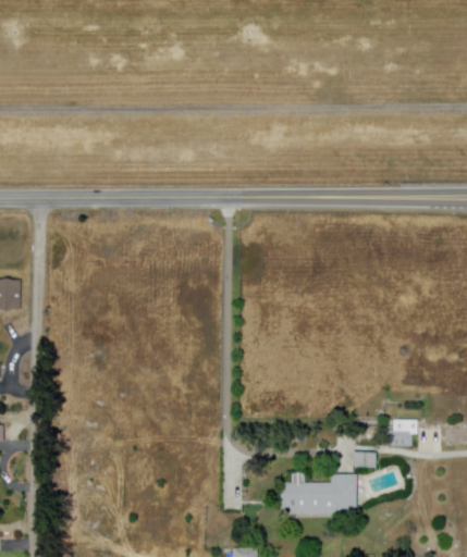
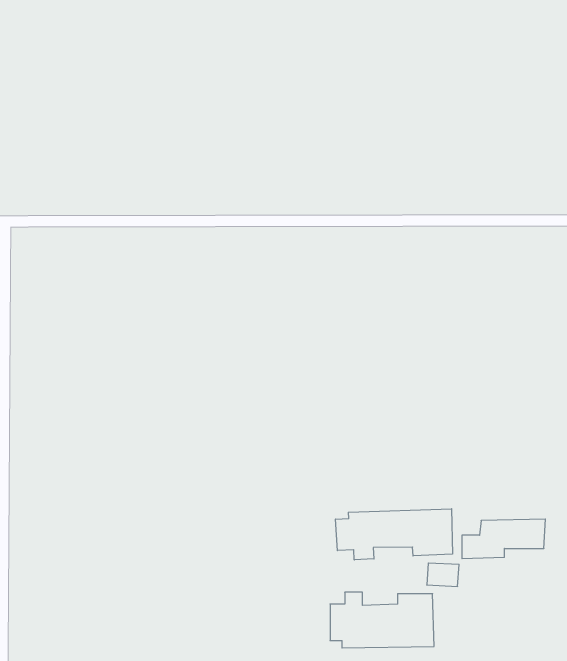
building: none -> [336,509,452,560]

